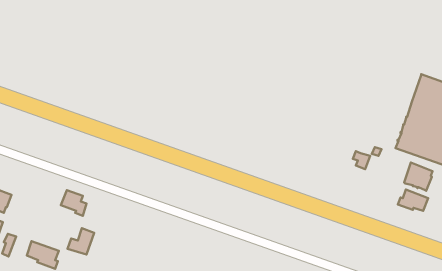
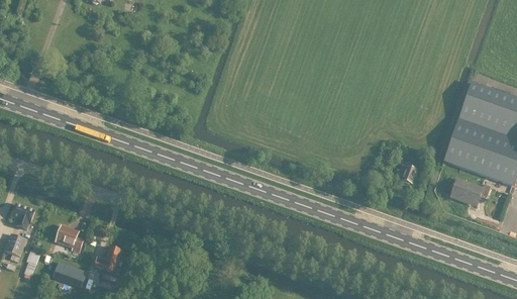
building: [398,189,428,211] -> none
building: [61,190,87,216] -> [56,225,83,253]

